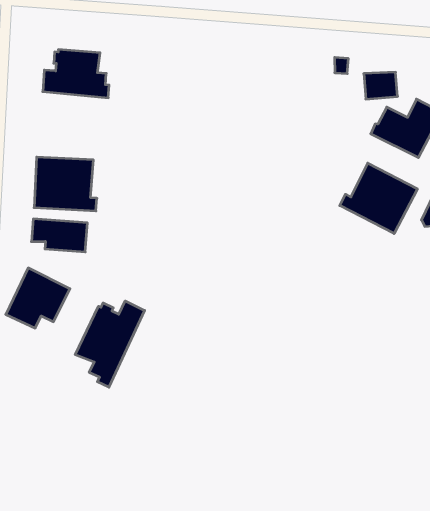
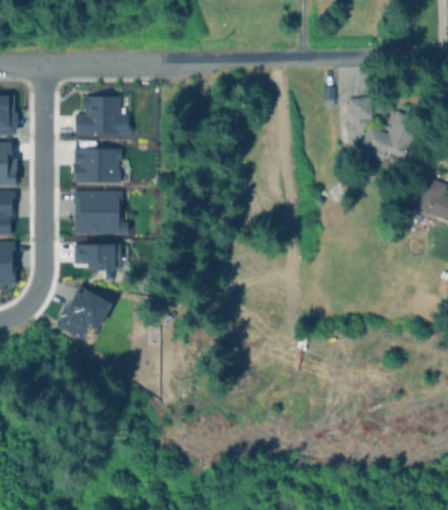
building: none -> [72,149,119,184]
building: [340,163,417,234] -> none
building: [75,301,145,387] -> none

